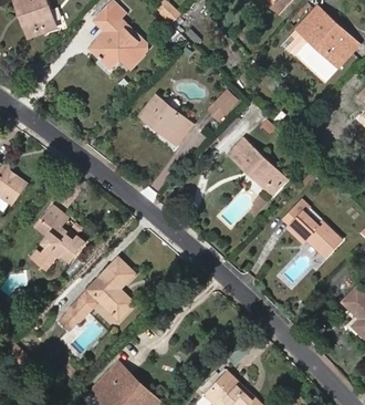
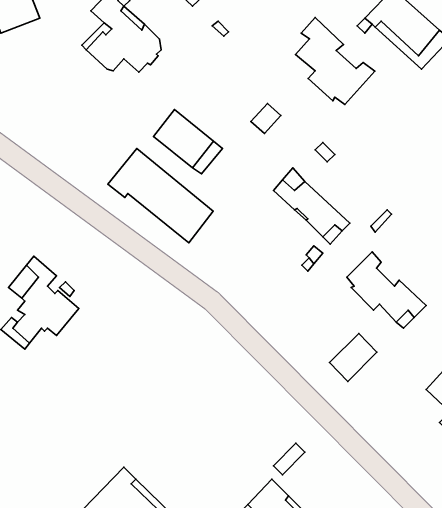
building: none -> [295,17,375,104]
building: none -> [108,149,213,243]
building: [60,259,132,329] -> none
building: none -> [330,333,377,381]

